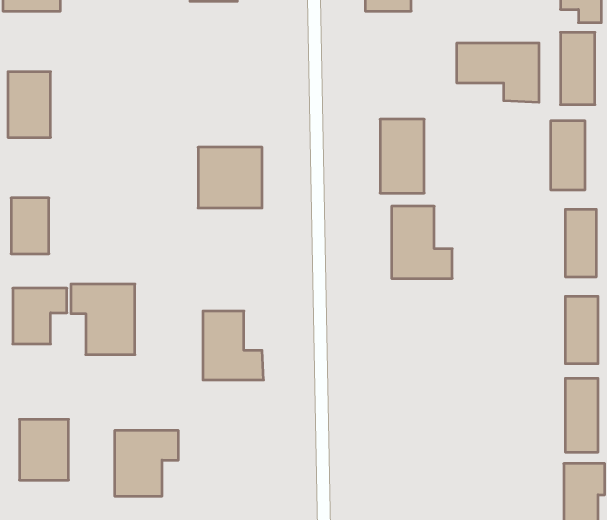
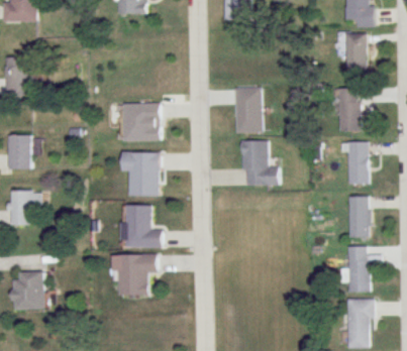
building: [457,43,539,102] -> none
building: [71,284,135,355] -> [120,152,160,196]
building: [115,431,178,496] -> [117,254,157,295]

